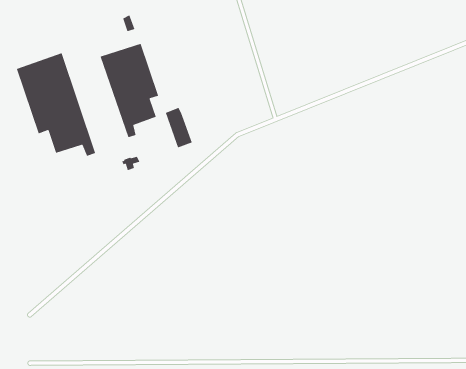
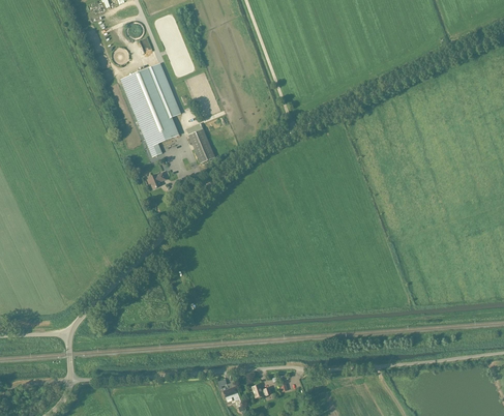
building: [16,52,96,157] -> none

